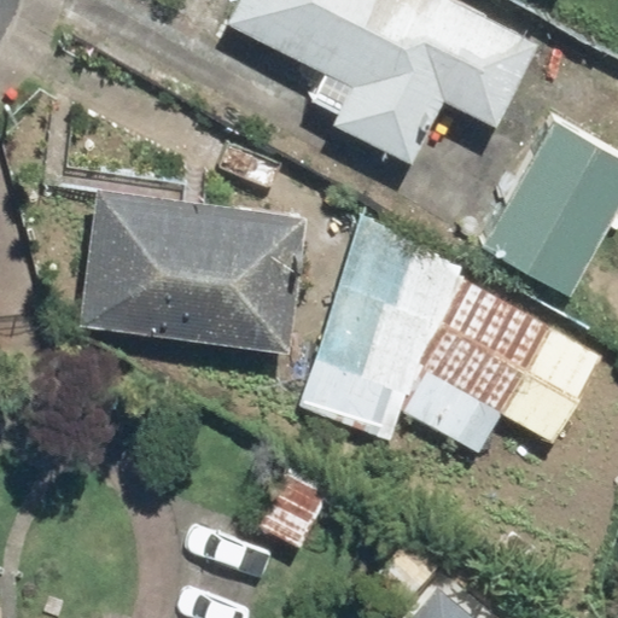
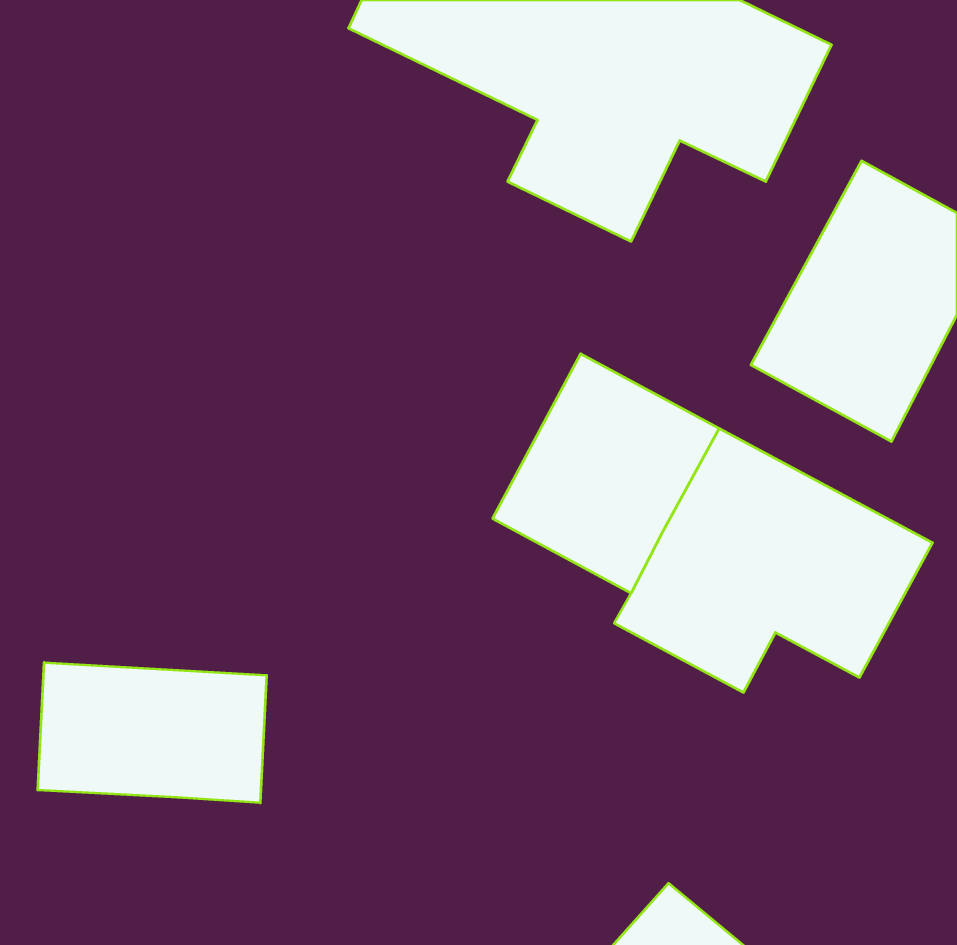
building: [82,181,298,343] -> none
building: none -> [38,662,267,803]

